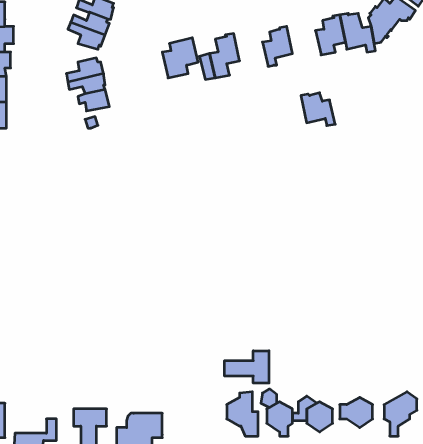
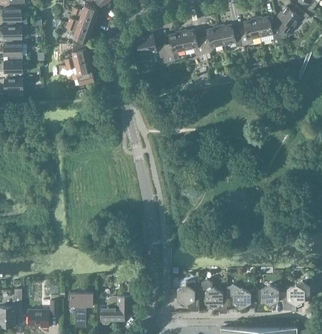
building: none -> [181,30,205,56]
building: [301,93,335,126] -> [218,24,242,47]
building: [225,351,269,383] -> none

